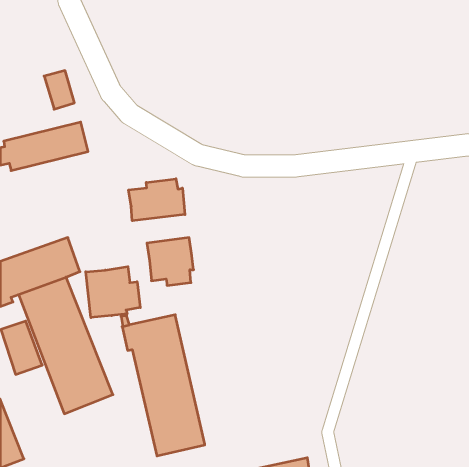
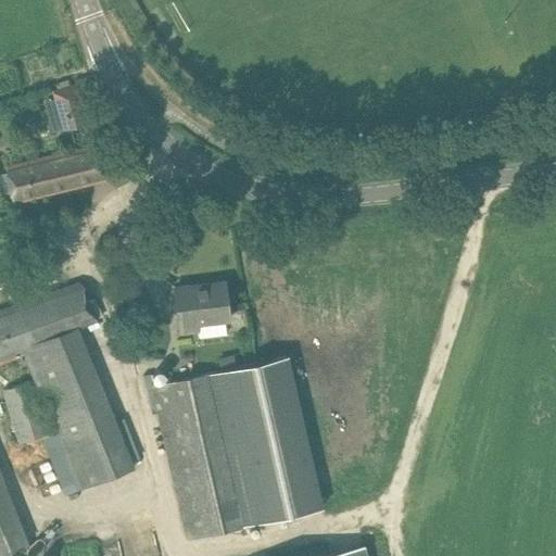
building: [129,179,185,221] -> none
building: [86,267,140,318] -> none
building: none -> [207,357,323,528]

